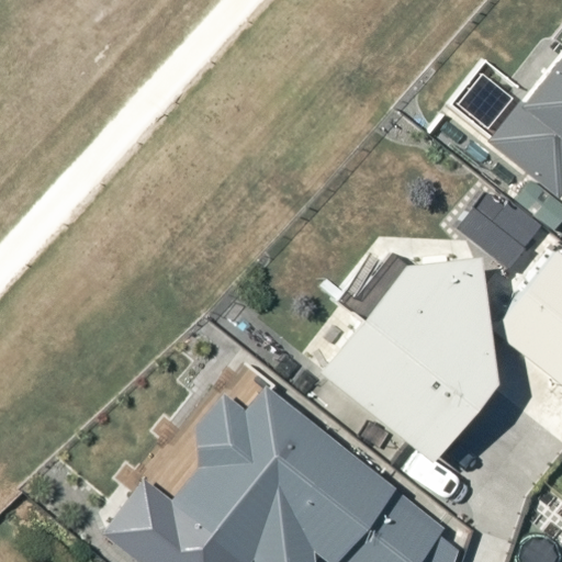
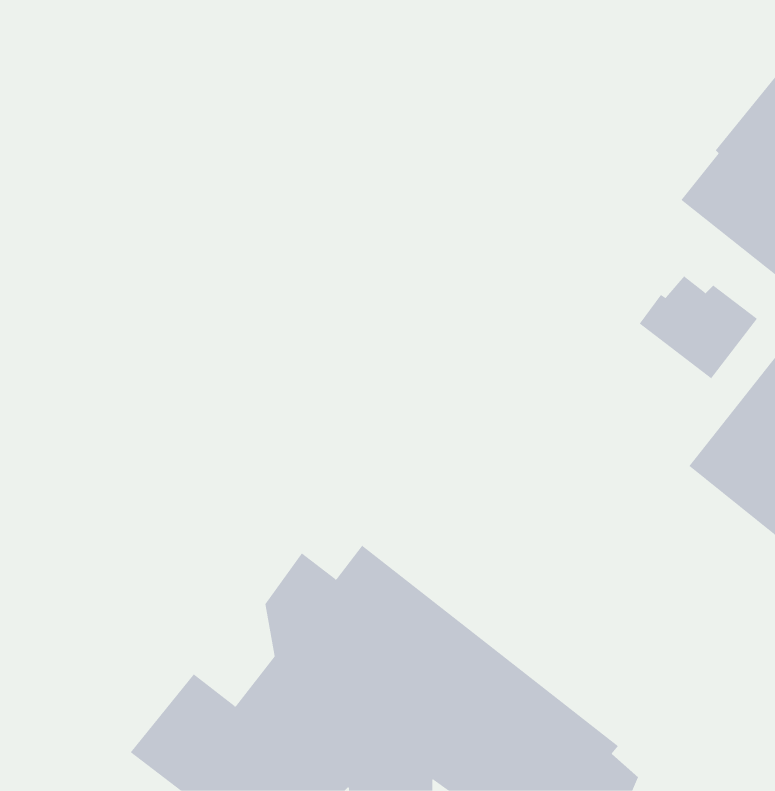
building: [317,256,493,463] -> none

